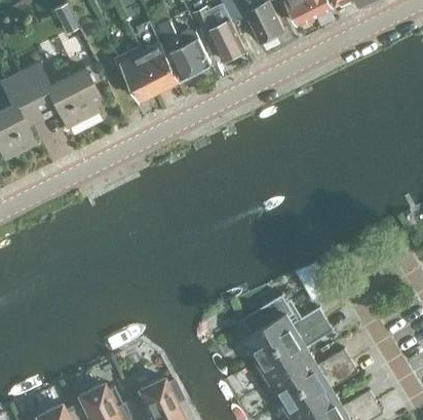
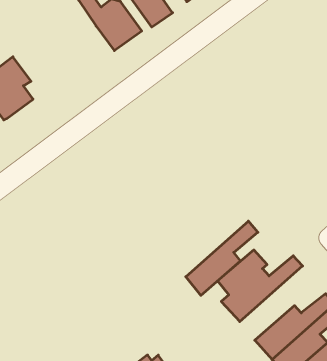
building: [121,44,177,101] -> none
building: [257,318,334,382] -> [186,221,258,295]

